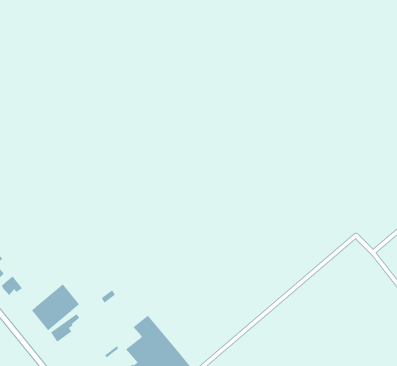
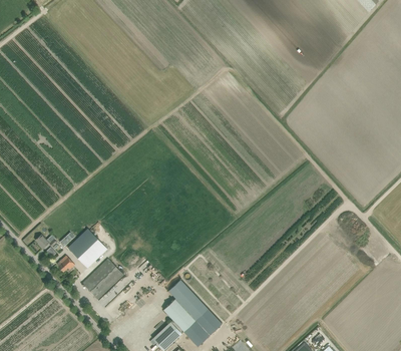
building: none -> [68,229,107,268]

